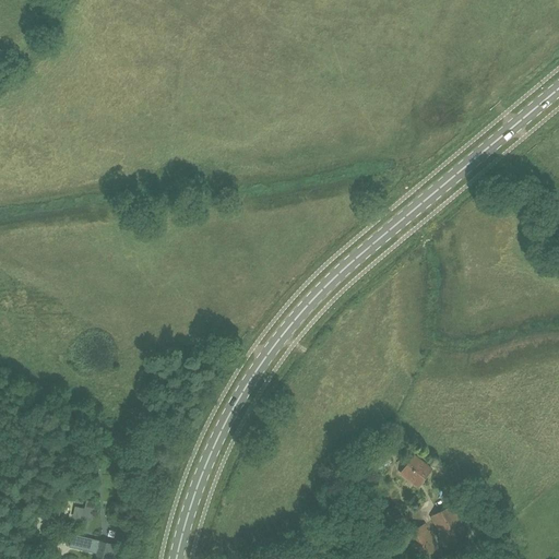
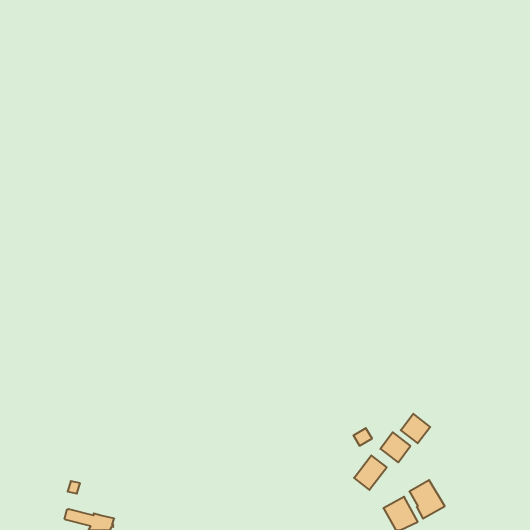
building: none -> [401,414,430,443]
building: none -> [354,455,387,490]

